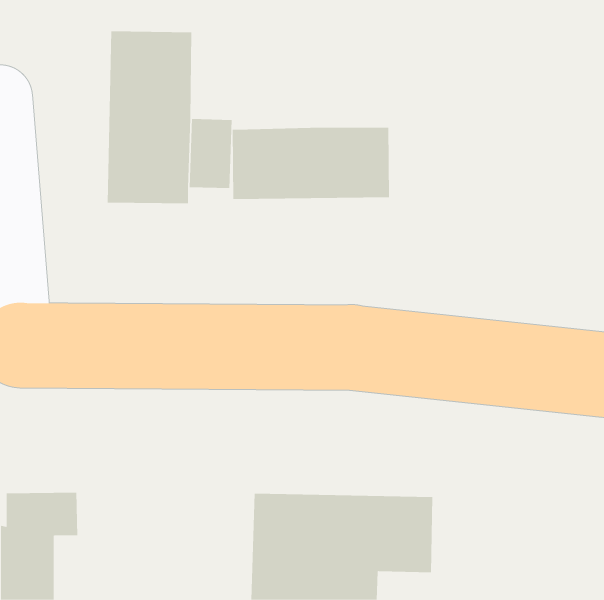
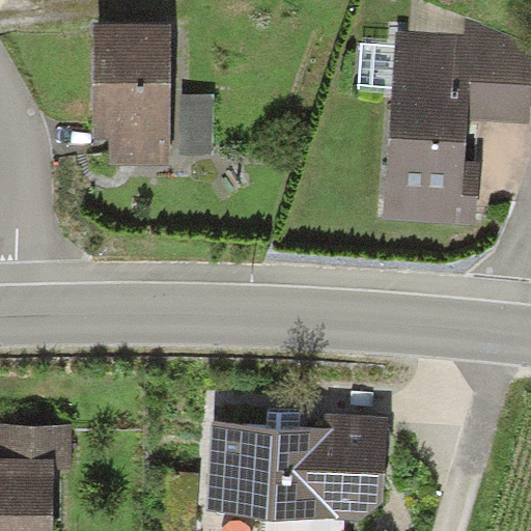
building: none -> [343,20,525,202]
building: [232,127,389,200] -> none

